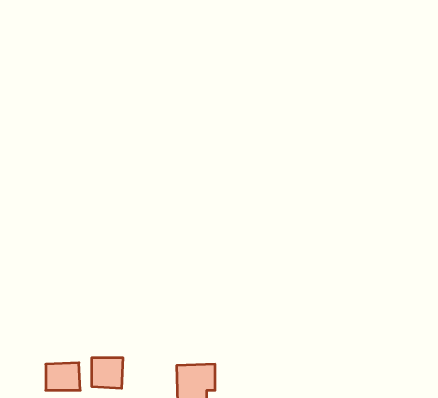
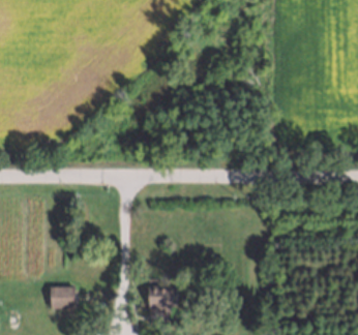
building: [92,358,123,388] -> none

